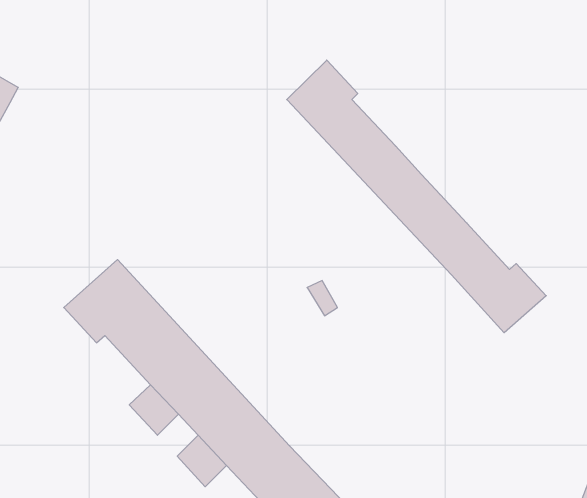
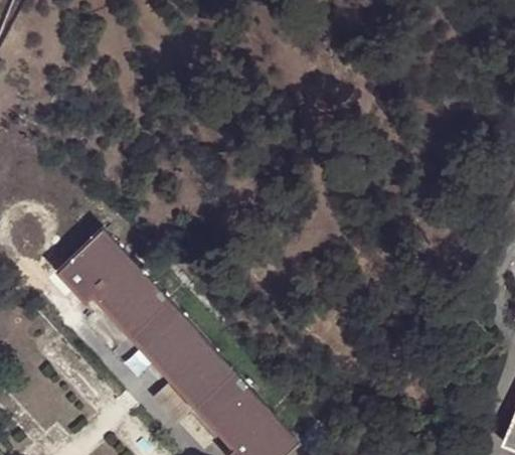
building: [287,60,546,333] -> none

